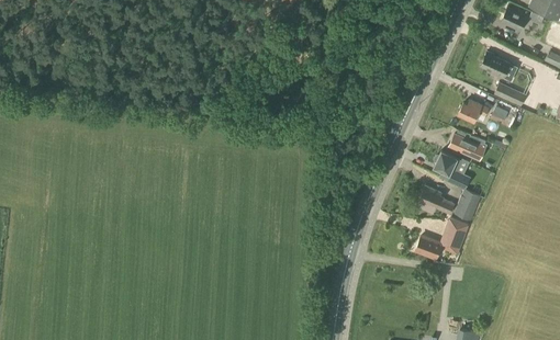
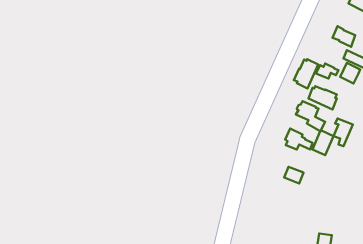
building: none -> [294,59,318,89]
building: [444,217,469,253] -> [333,119,353,146]

